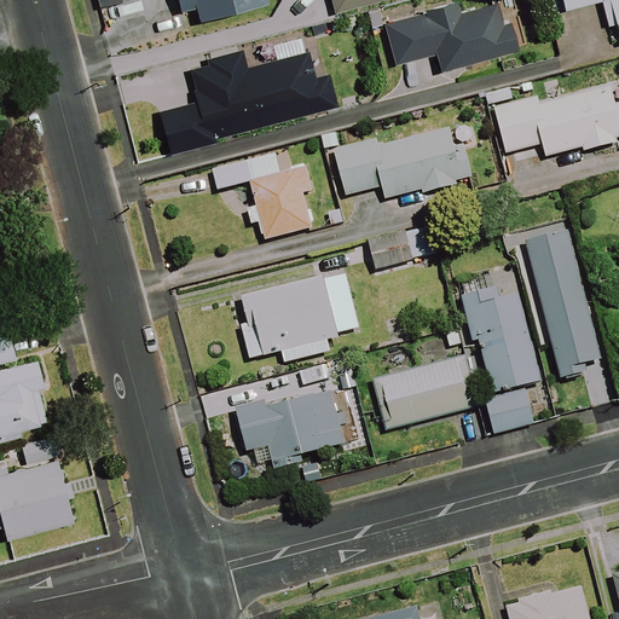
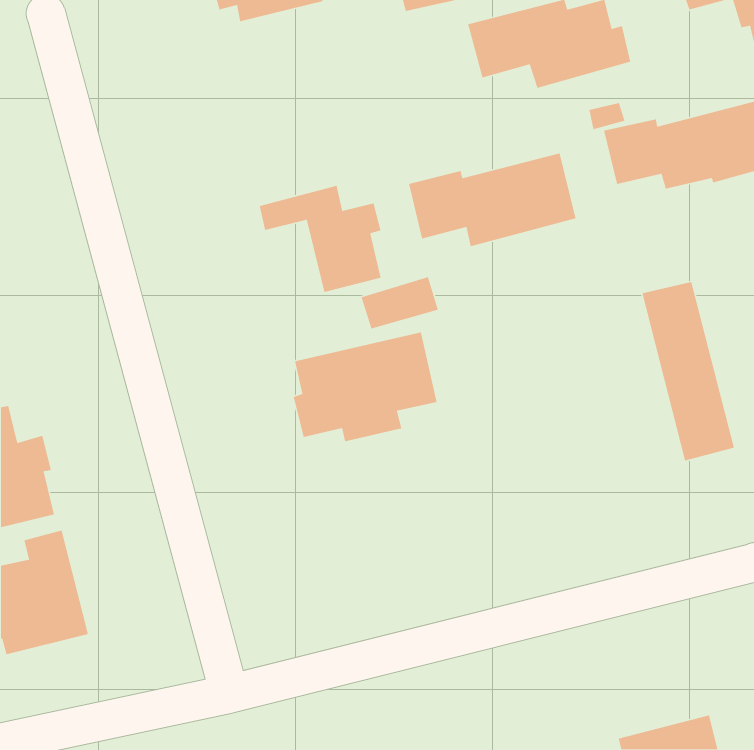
building: [157,47,335,150] -> none
building: [369,225,433,268] -> [360,276,439,330]
building: [461,279,540,392] -> none
building: [374,355,475,428] -> none
building: [237,389,343,467] -> none
building: [485,392,531,430] -> none

